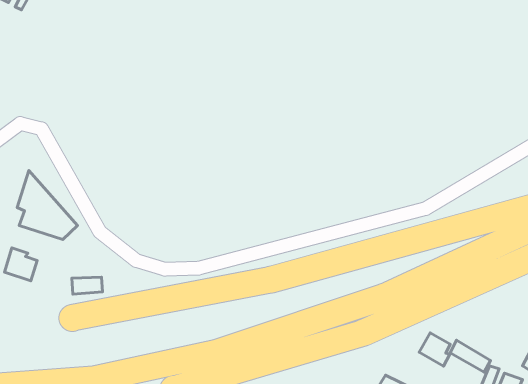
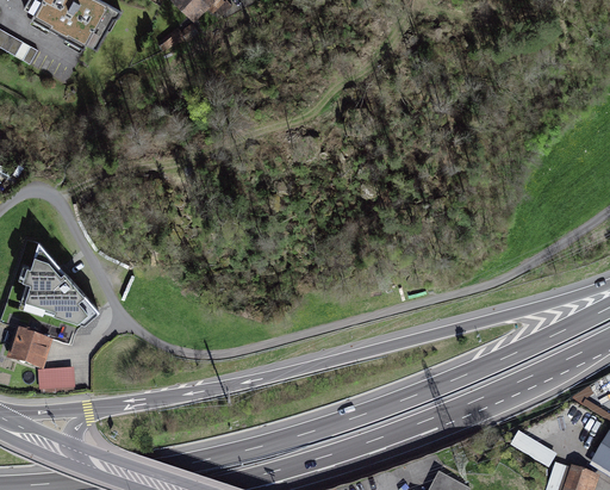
building: [72,277,103,294] -> [38,370,73,389]
building: [419,333,450,366] -> none

